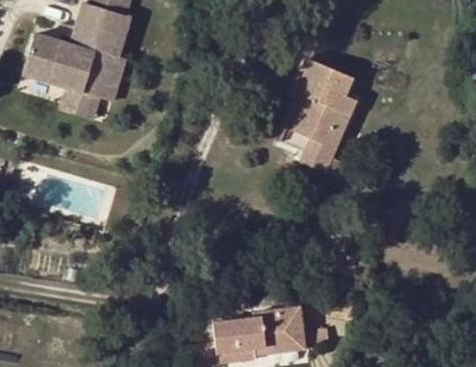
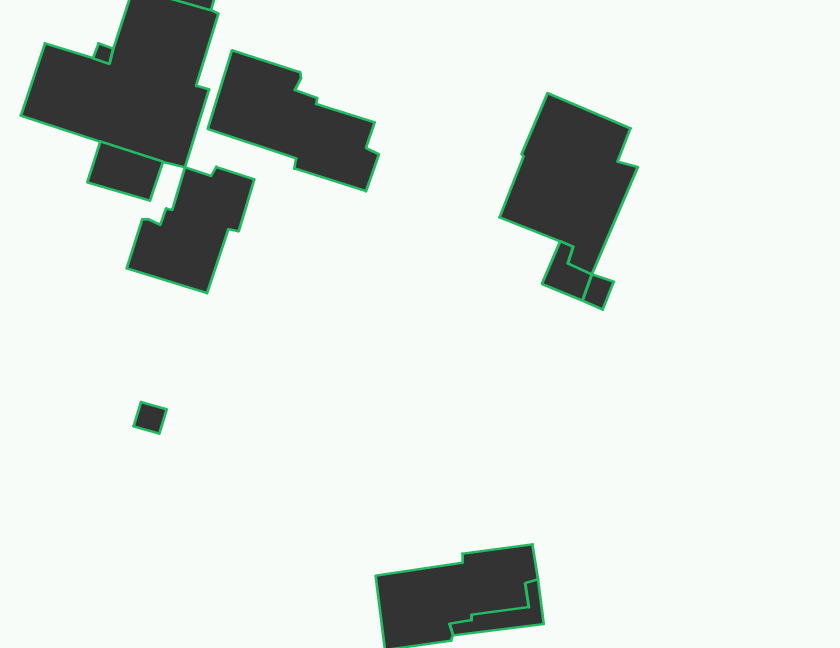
building: none -> [208,50,379,191]
building: none -> [127,167,254,293]

